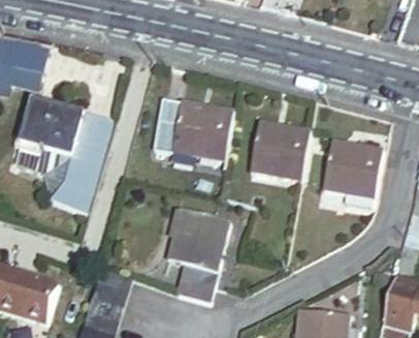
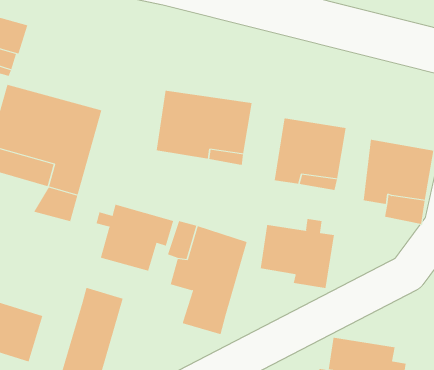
building: none -> [96,204,174,271]
building: none -> [260,218,334,289]

